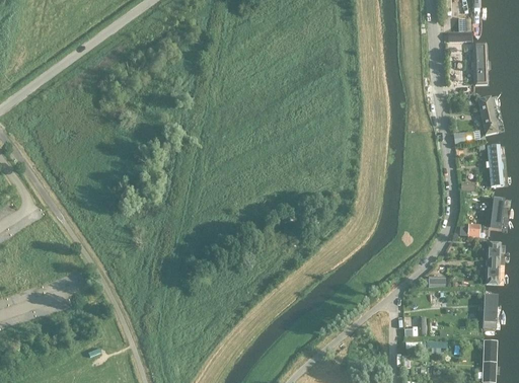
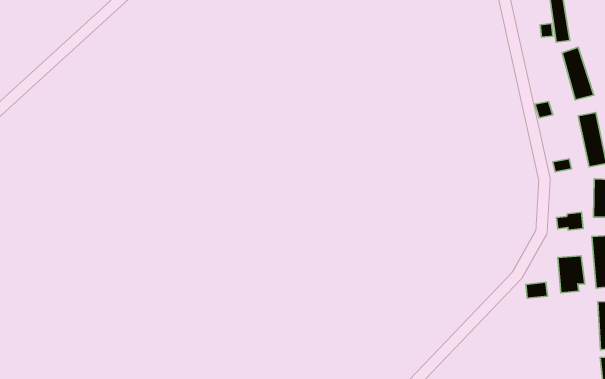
building: none -> [558,256,585,293]

